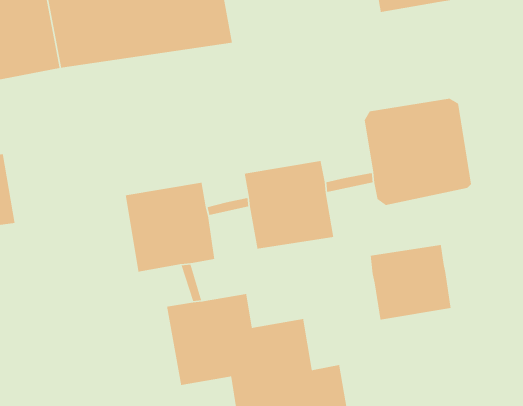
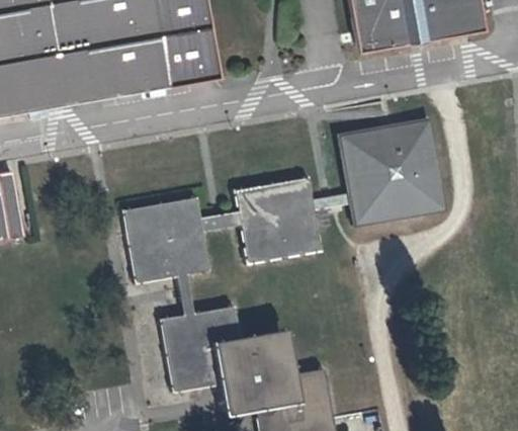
building: [370,244,451,321] -> none

